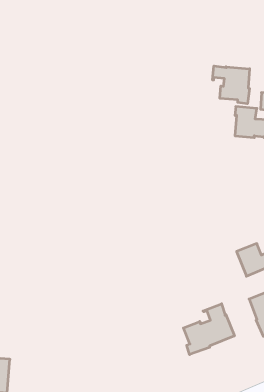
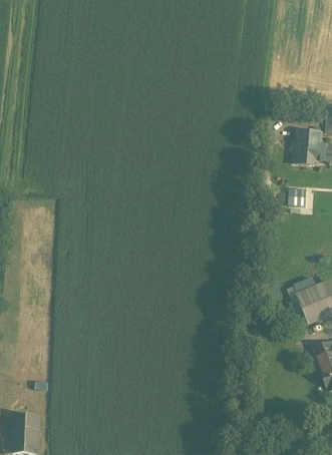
building: [213,66,250,104] -> none
building: [183,304,234,355] -> none

